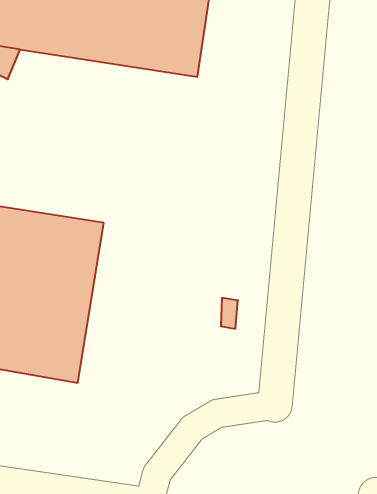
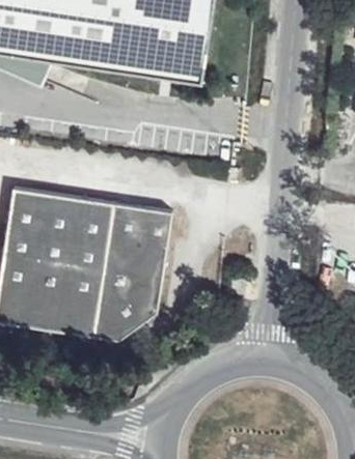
building: none -> [99,206,173,341]

